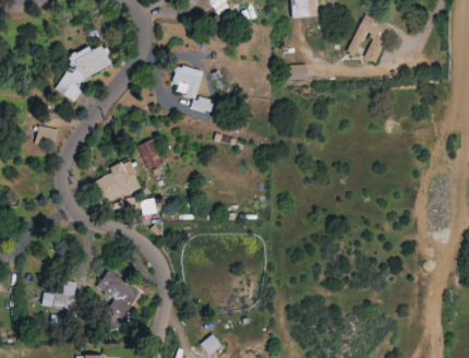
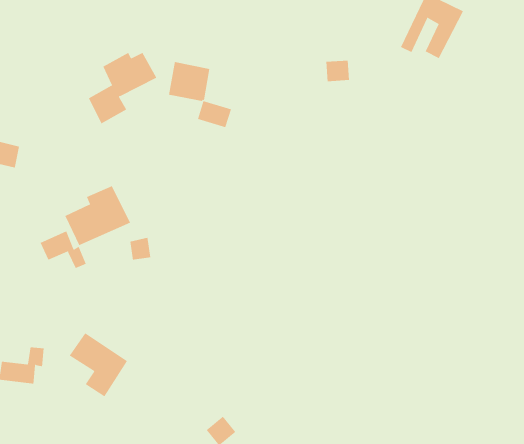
building: [59,45,111,99] -> [88,52,157,124]
building: [137,138,163,167] -> none
building: none -> [40,231,86,269]

